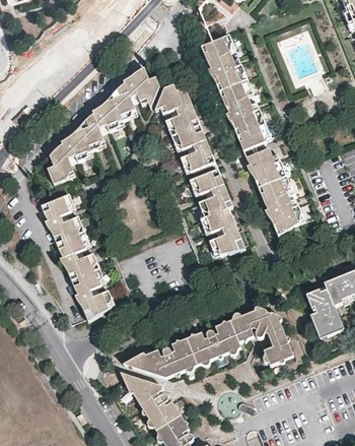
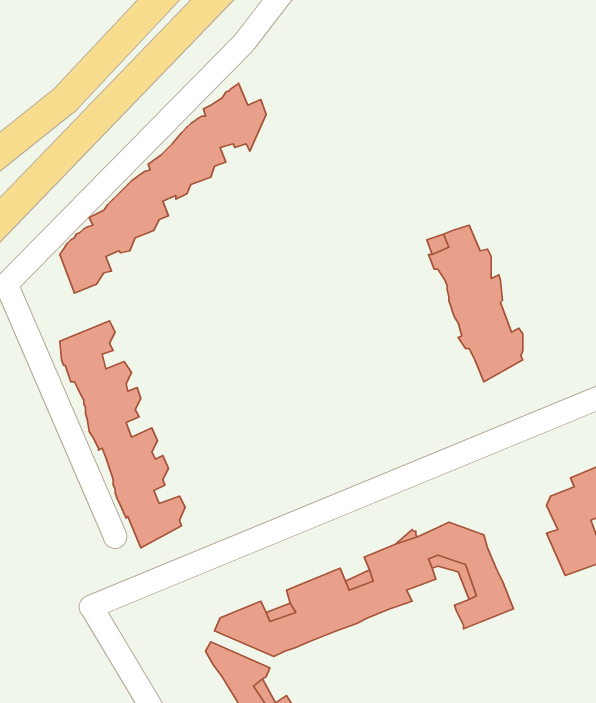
building: [202,31,266,145] -> none
building: [154,83,215,169] -> none
building: [188,166,242,251] -> none

